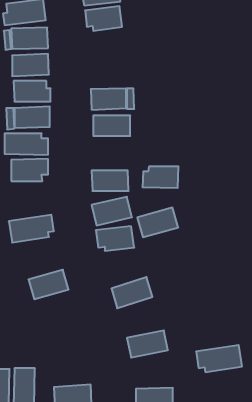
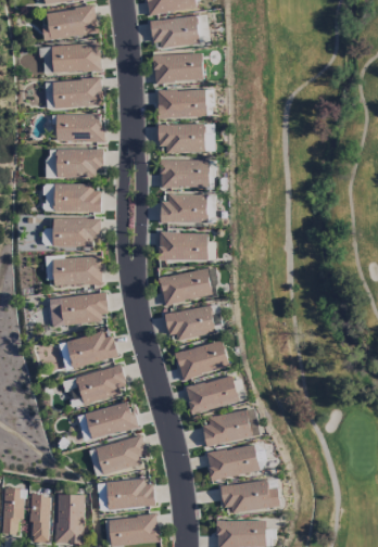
building: none -> [153,53,203,81]
building: none -> [158,89,206,117]
building: [142,167,179,188] -> [160,194,207,222]
building: none -> [53,256,102,285]
building: [137,208,178,237] -> [175,340,229,379]
building: none -> [59,329,116,370]
building: none -> [77,402,137,440]
building: none -> [200,408,260,446]
building: none -> [94,434,147,474]
building: [196,345,242,372] -> [219,478,280,513]
building: none -> [105,476,155,511]

